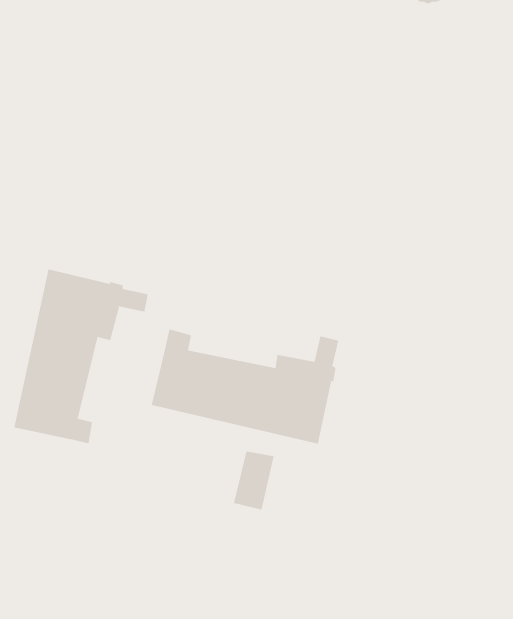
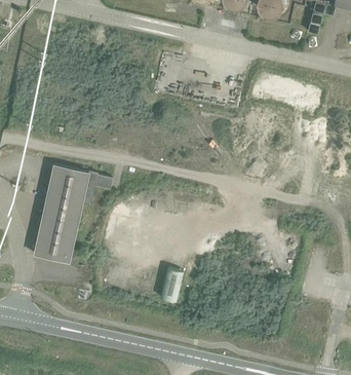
building: [151,328,339,445] -> none

